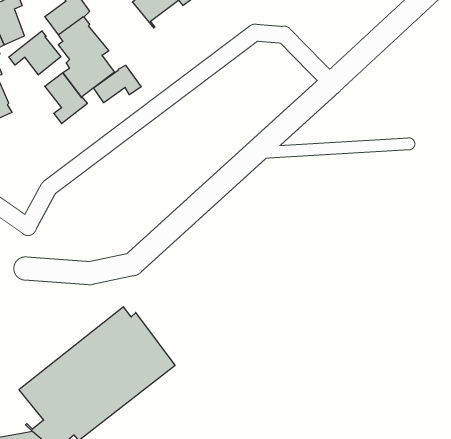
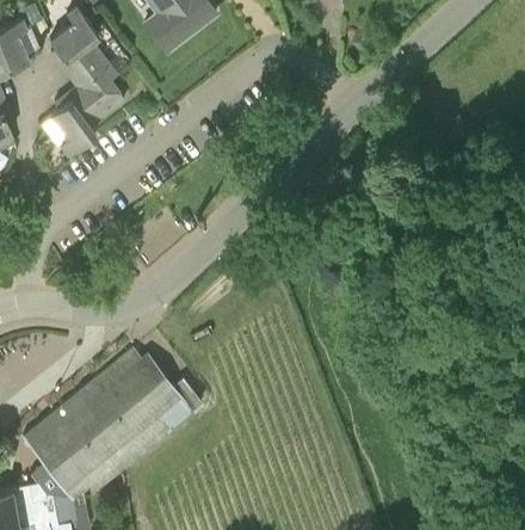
building: [9,31,61,75] -> none
building: [94,65,141,103] -> none

